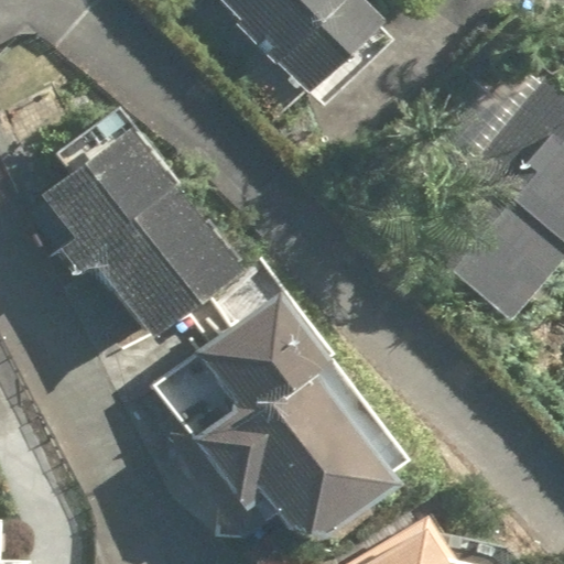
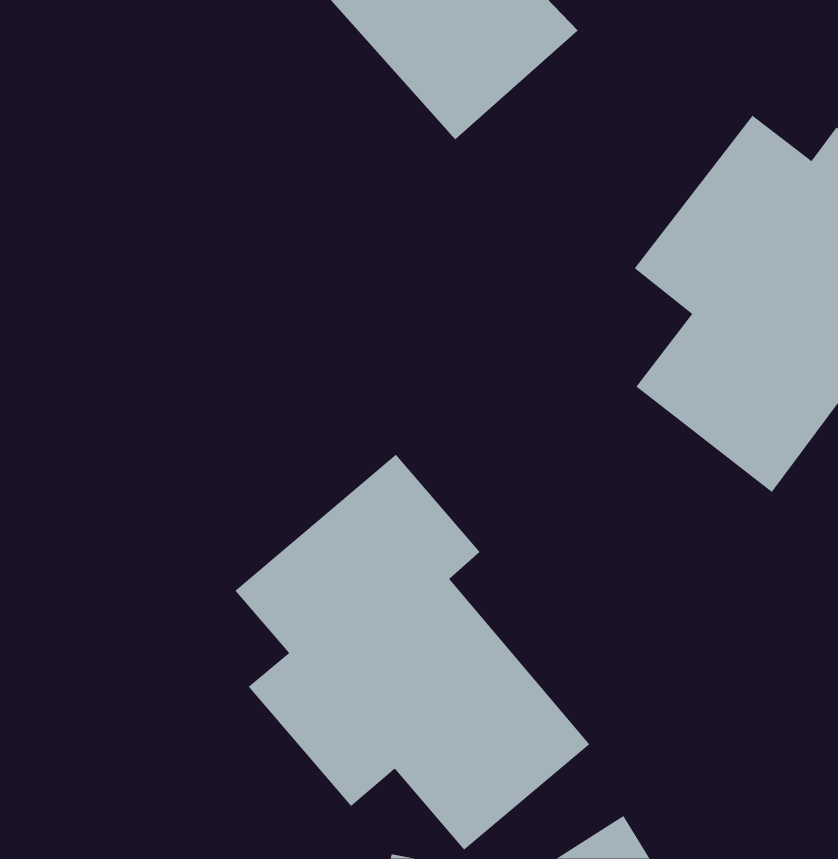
building: [32,129,235,329] -> none

